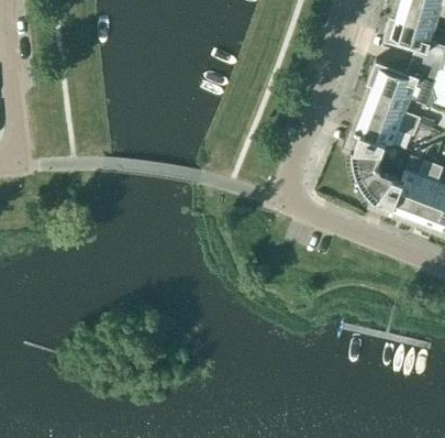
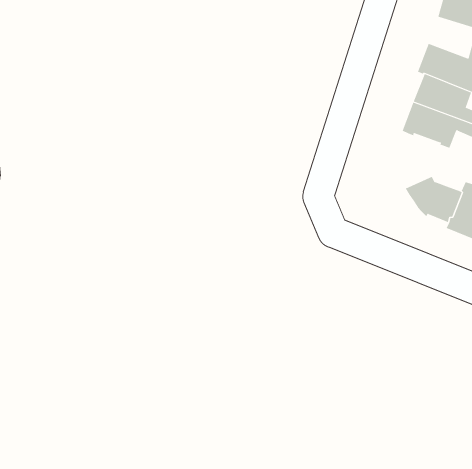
building: [351,133,385,177] -> none

